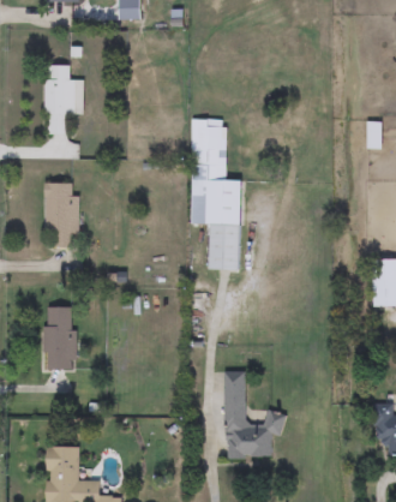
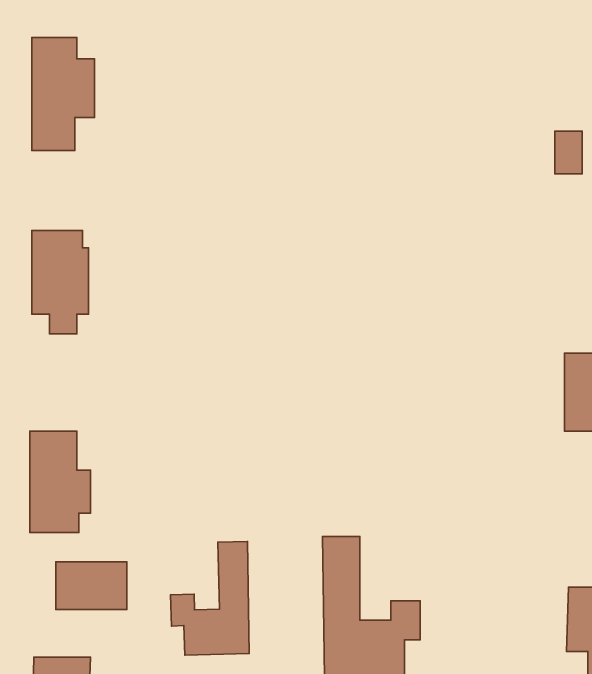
building: [190,119,242,269] -> none
building: none -> [171,542,249,655]
building: none -> [56,562,127,610]

